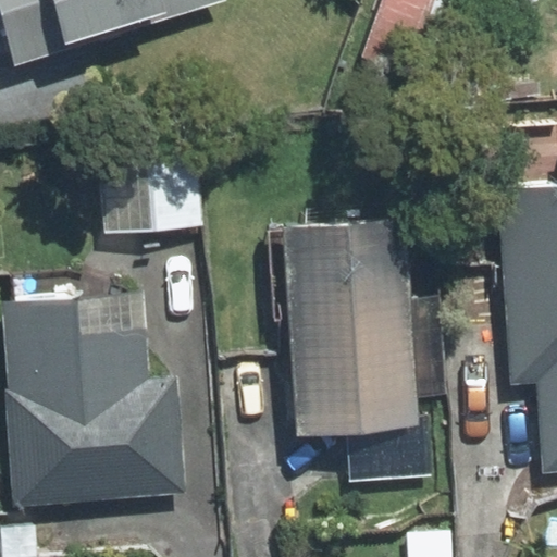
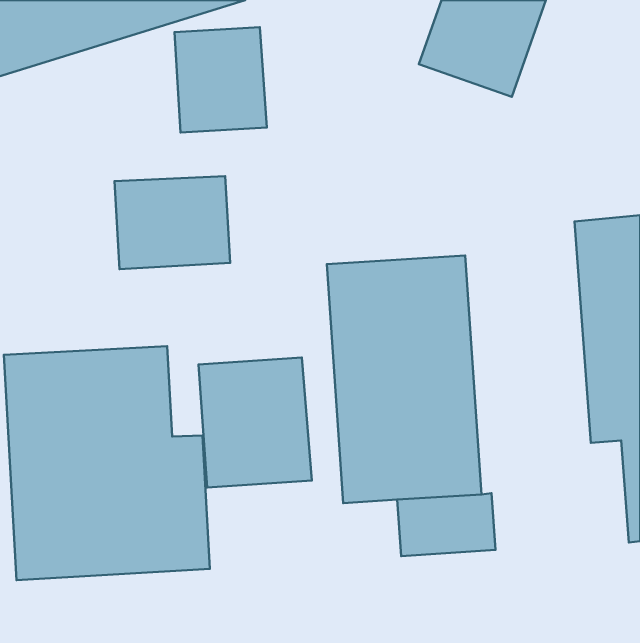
building: none -> [175,27,267,132]
building: none -> [199,358,312,488]

